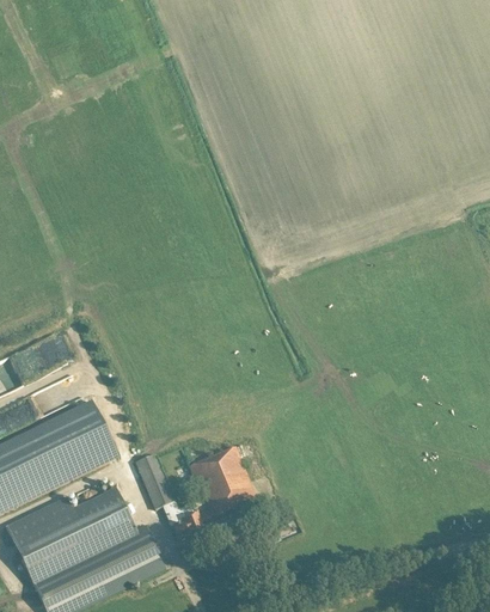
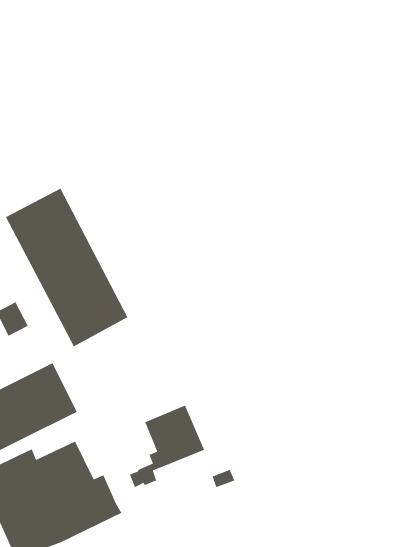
building: none -> [5,188,129,347]
building: [135,453,174,508] -> none

